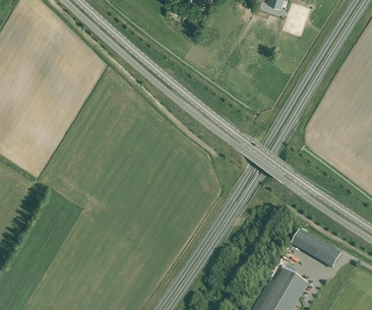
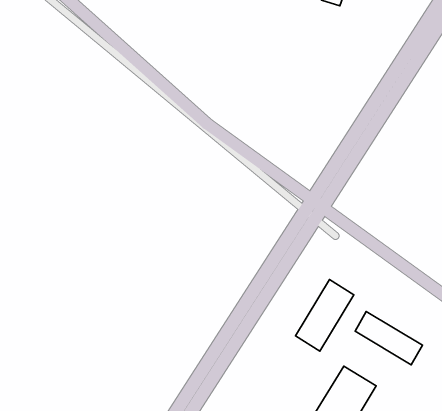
building: none -> [296,280,354,351]

